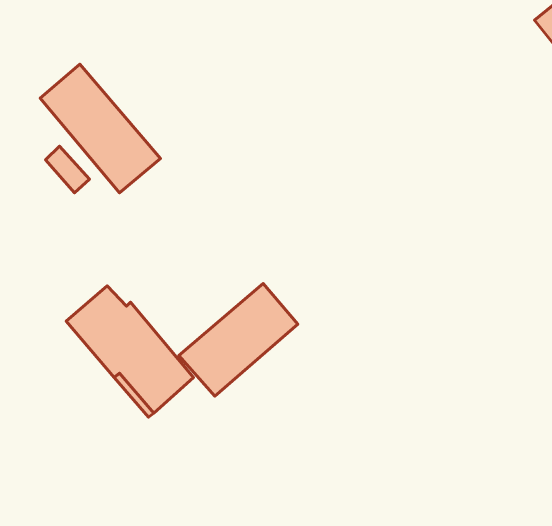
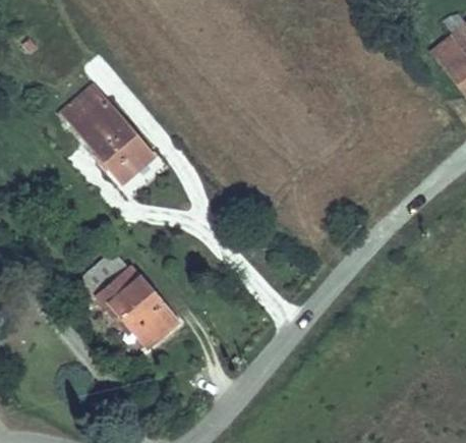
building: [179,283,298,396] -> none

